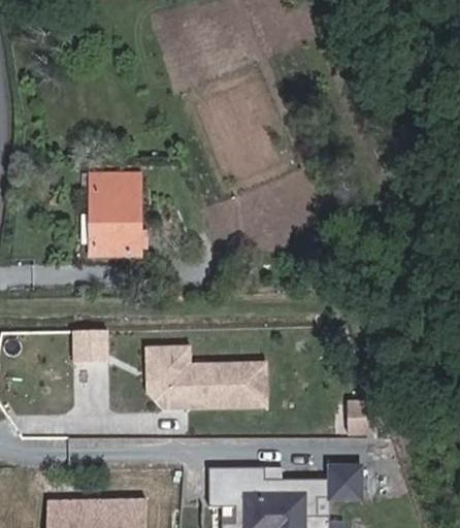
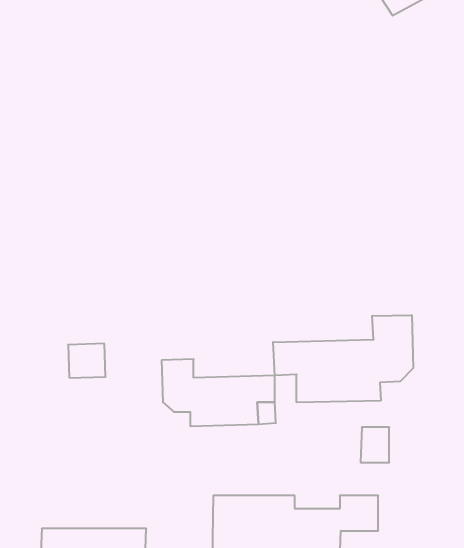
building: [92,178,139,259] -> none
building: none -> [273,315,413,402]
building: [144,343,187,405] -> none

